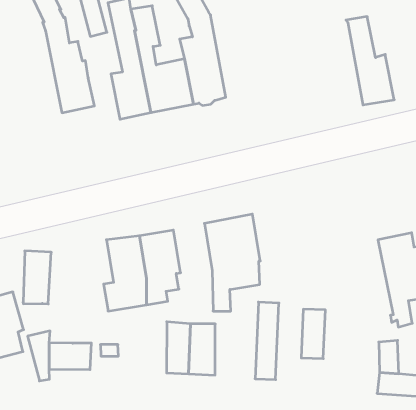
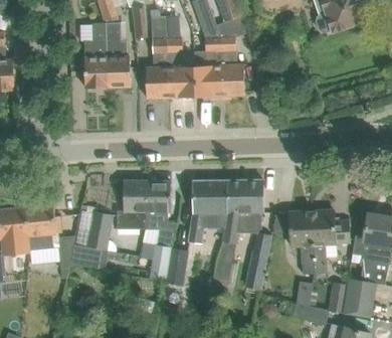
building: [346,17,394,105] -> [220,35,244,96]
building: none -> [83,23,108,91]
building: none -> [223,179,263,241]
building: none -> [287,211,315,274]
building: [23,251,51,304] -> [88,211,114,250]

